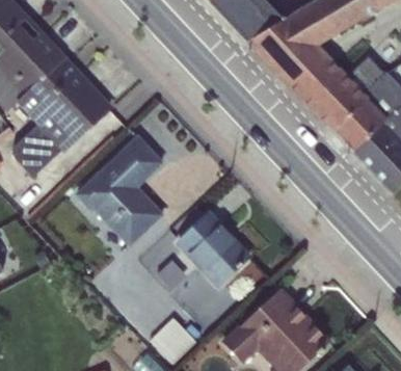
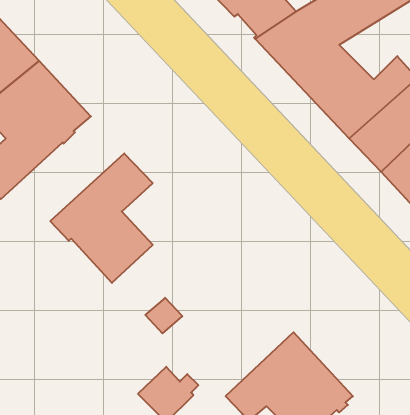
building: [177,215,249,286] -> none

